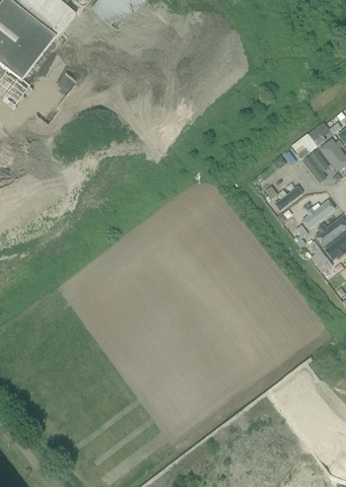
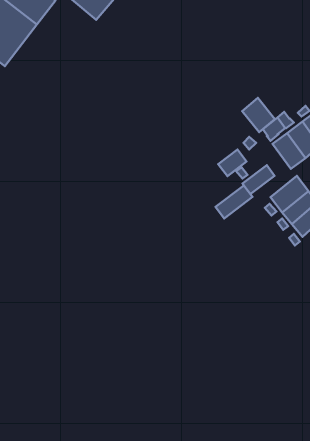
building: none -> [242,98,275,132]
building: none -> [218,150,246,176]
building: none -> [216,186,252,218]

